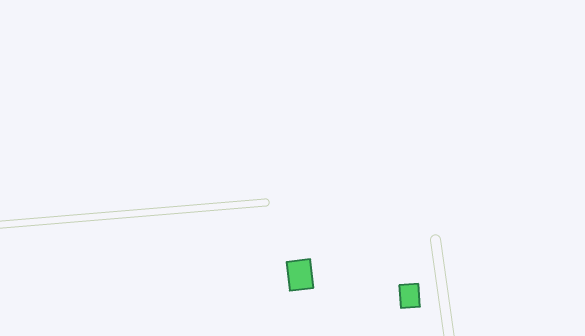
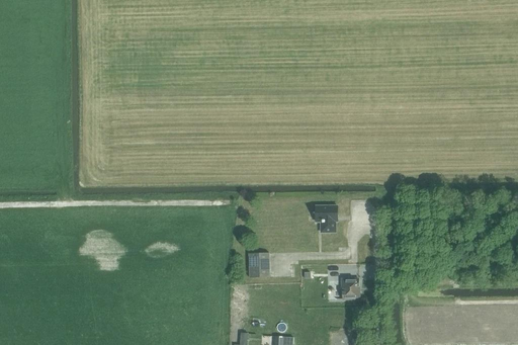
building: none -> [314,203,336,230]

